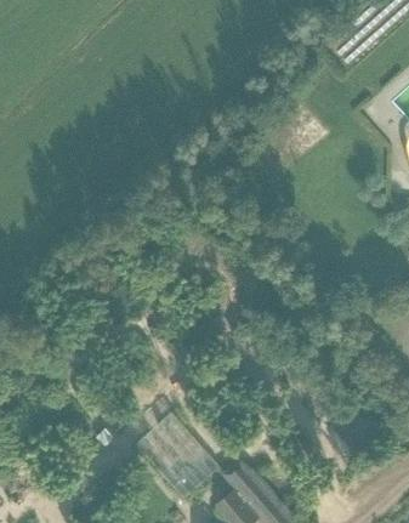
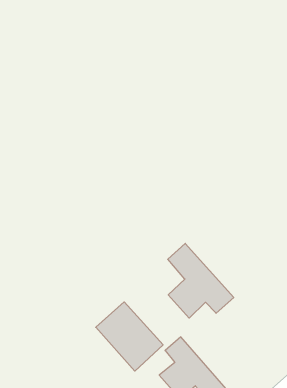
building: none -> [168,243,234,318]

